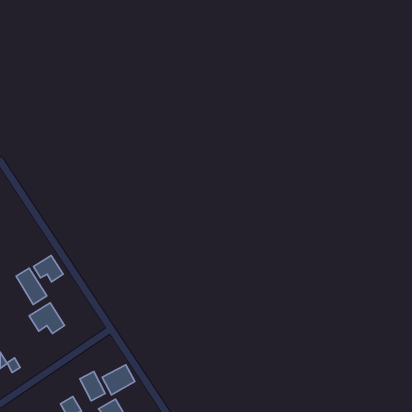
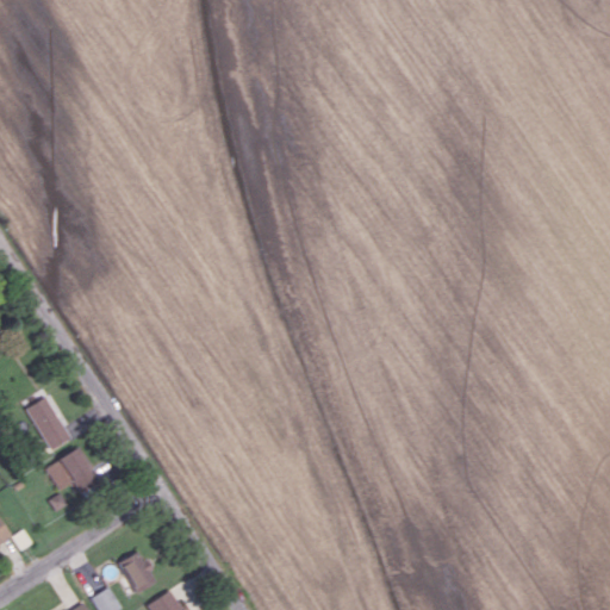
building: [34,256,63,282] -> none
building: [102,365,135,395] -> none

